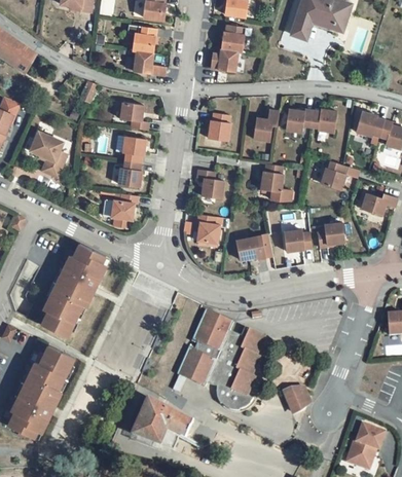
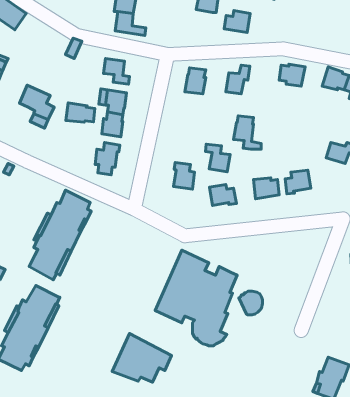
building: [211,49,239,73] -> [224,11,250,33]
building: [286,108,313,132] -> none
building: none -> [66,103,95,122]
building: [321,160,357,189] -> none
building: [197,169,224,198] -> [205,144,230,172]
building: [284,387,309,412] -> [239,291,263,315]

